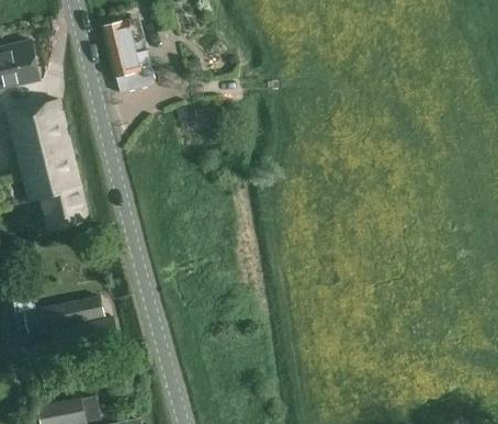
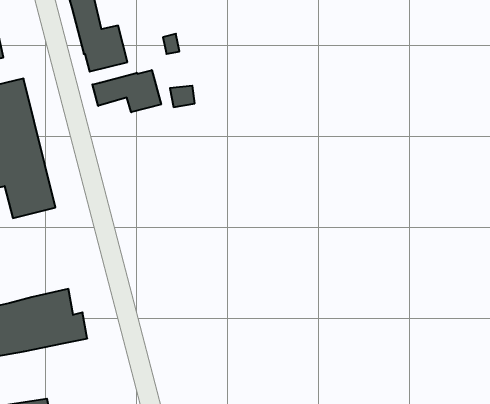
building: none -> [92,70,161,112]

